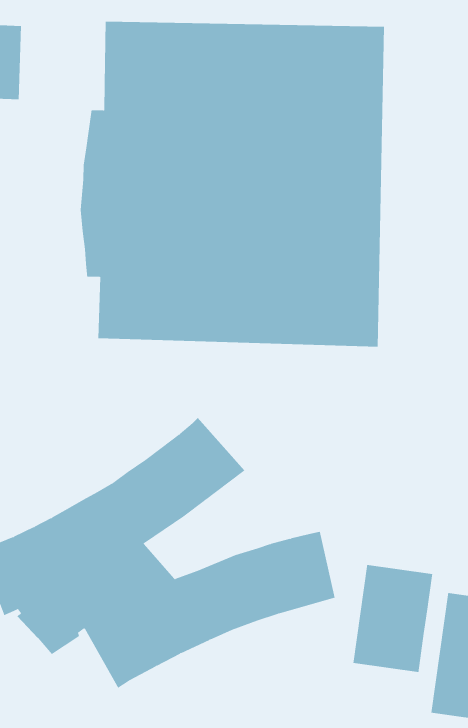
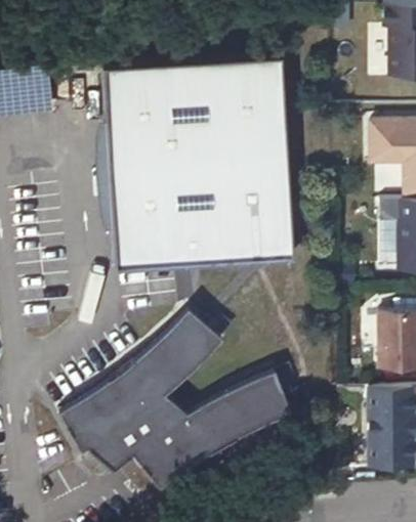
building: [353,564,433,673] -> none

